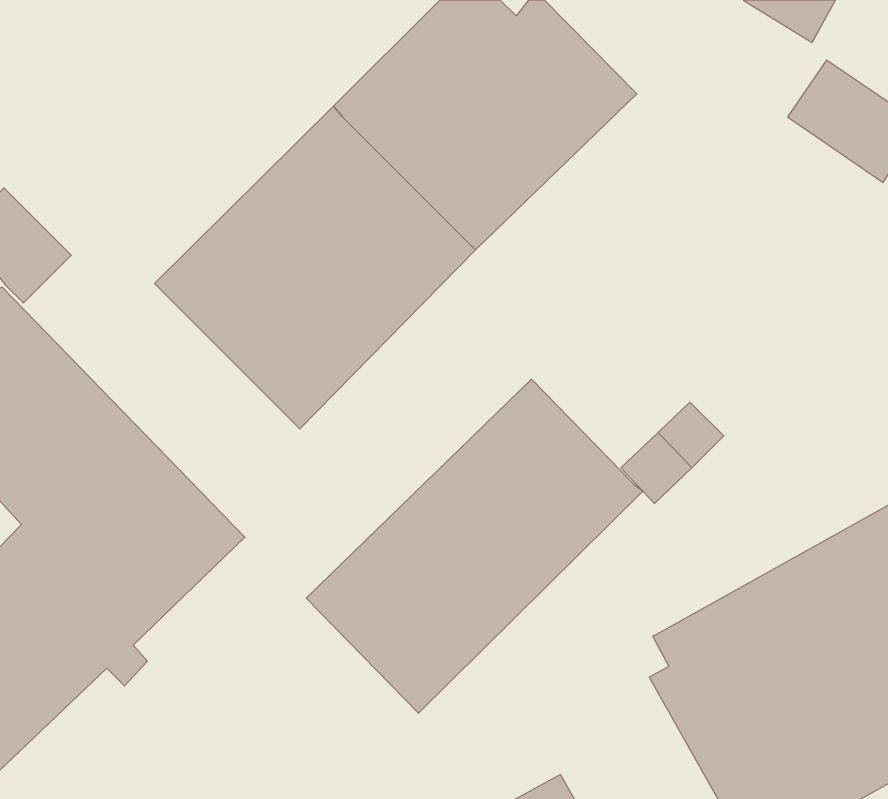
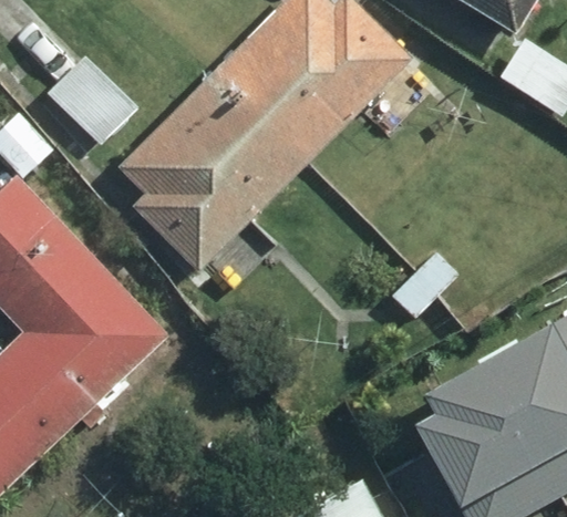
building: [306,379,643,713] -> none

